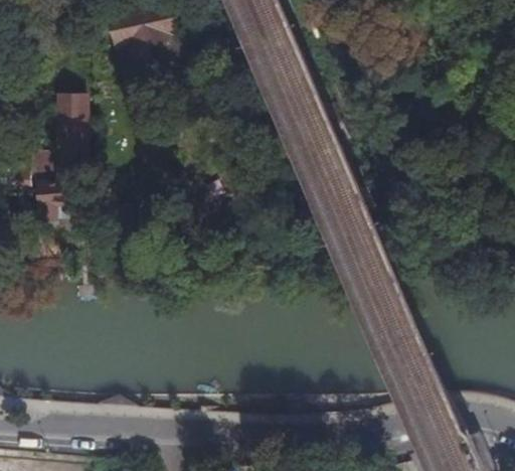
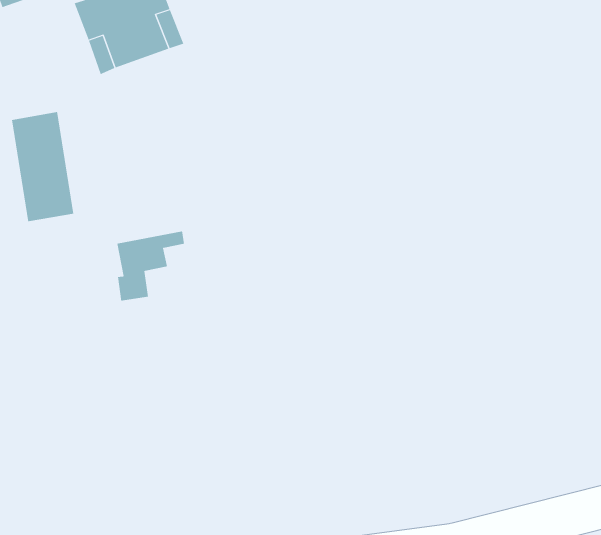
building: [32,184,82,226] -> [117,231,185,301]

